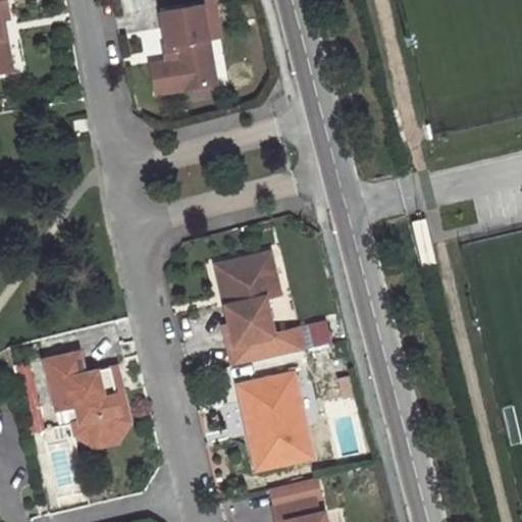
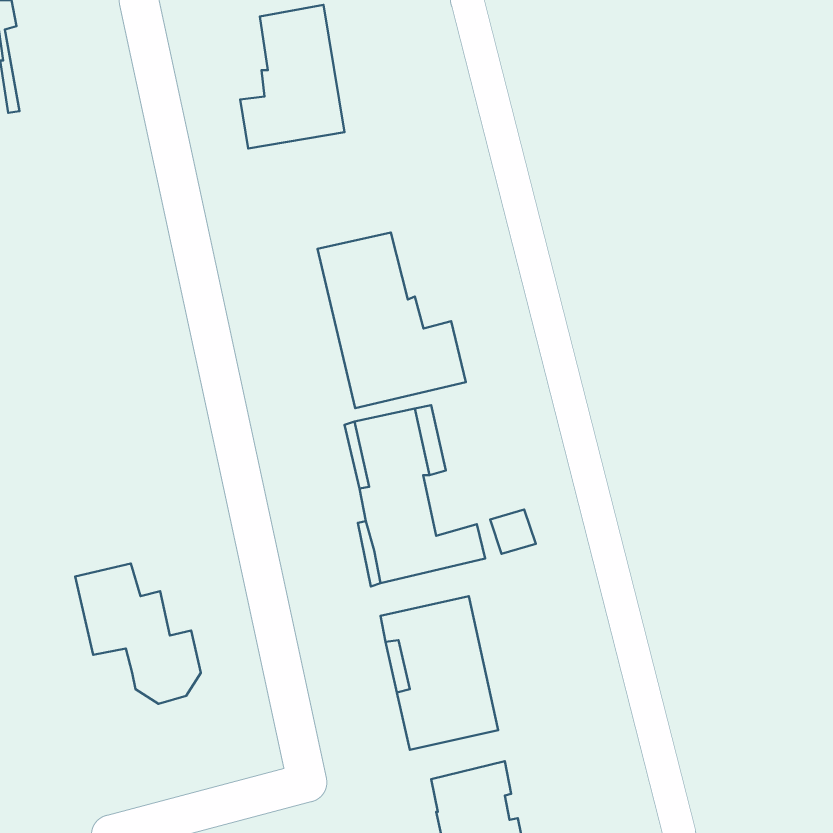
building: none -> [318,233,466,408]
building: [74,366,133,449] -> none

